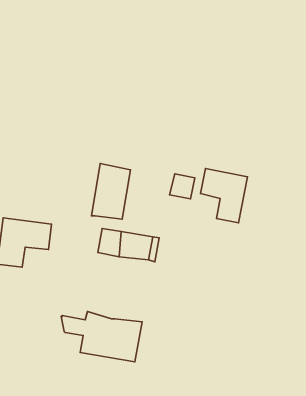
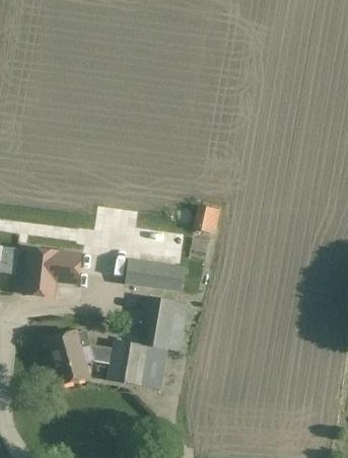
building: [92,163,131,219] -> [139,295,177,349]
building: [200,169,247,223] -> none
building: none -> [47,328,91,386]

